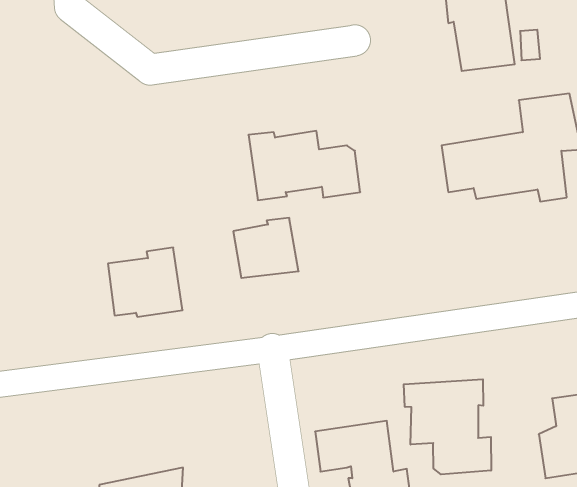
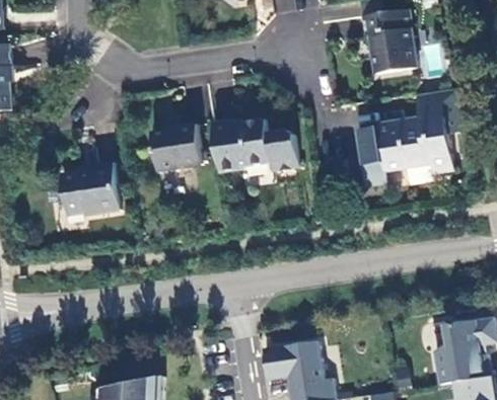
building: [233,218,299,278] -> [152,125,202,170]
building: [108,248,183,317] -> [62,162,119,215]
building: [404,379,491,474] -> none

